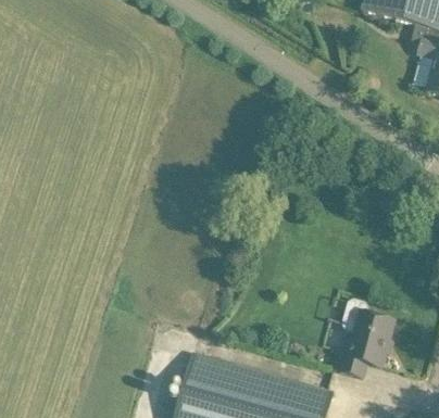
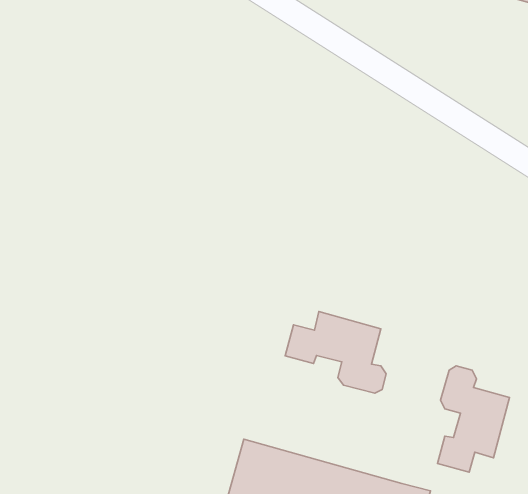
building: none -> [285,312,386,393]

